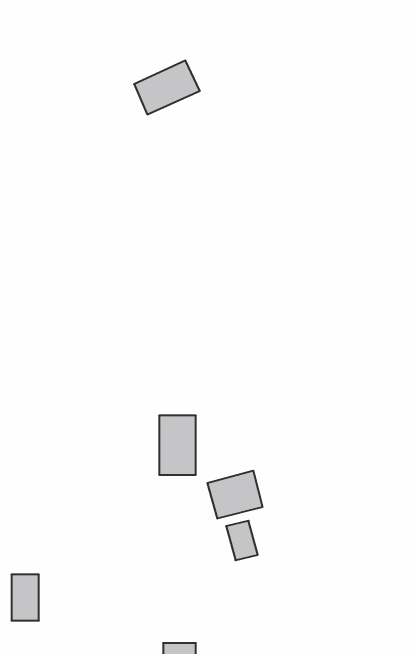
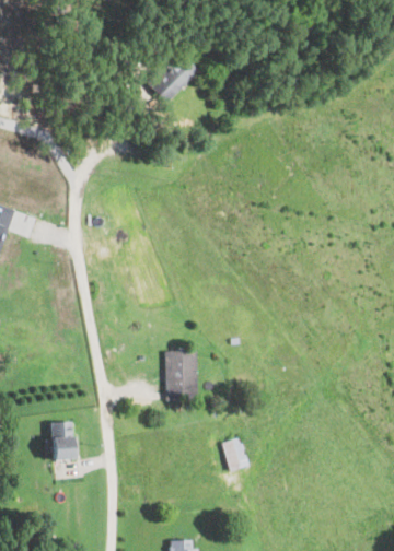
building: [207,471,262,519] -> none
building: [11,575,39,621] -> [53,422,76,460]

